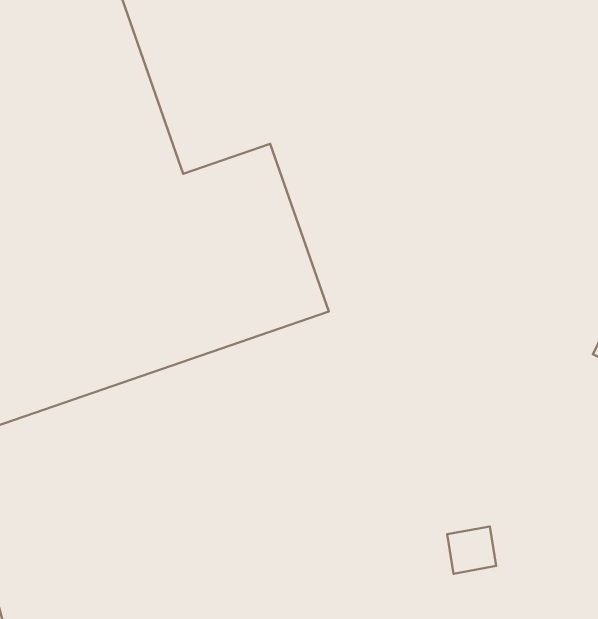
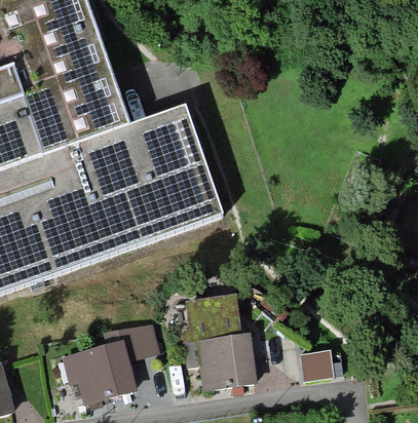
building: none -> [180,297,256,390]
building: none -> [62,324,160,405]

